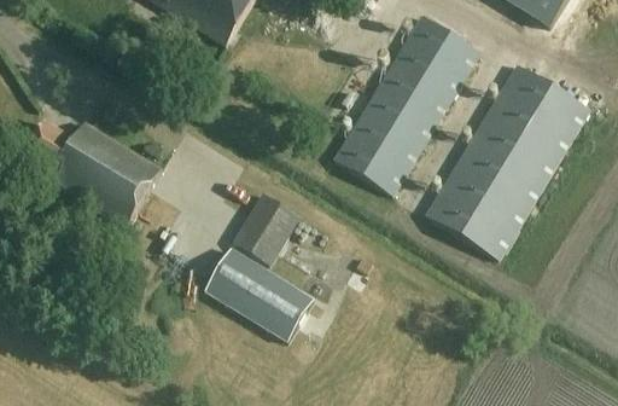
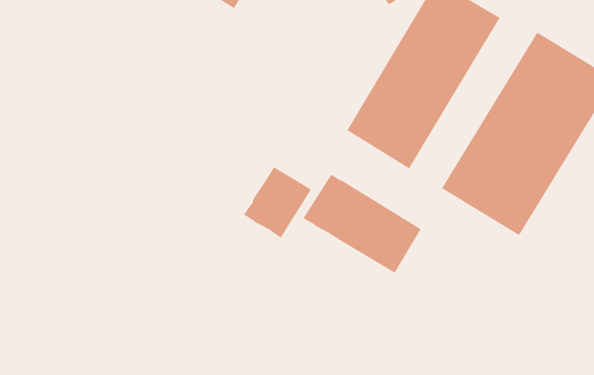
building: [24,118,163,225] -> none
building: [206,244,320,340] -> [303,174,422,273]

